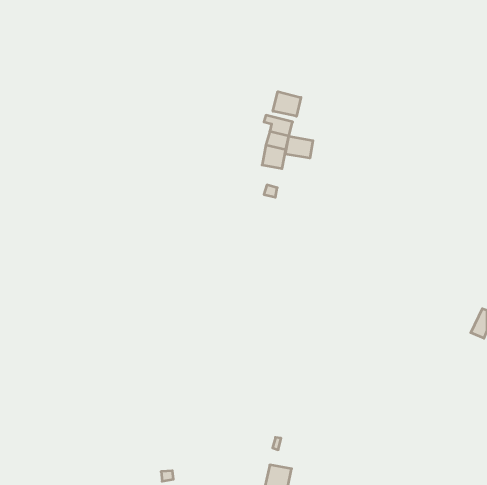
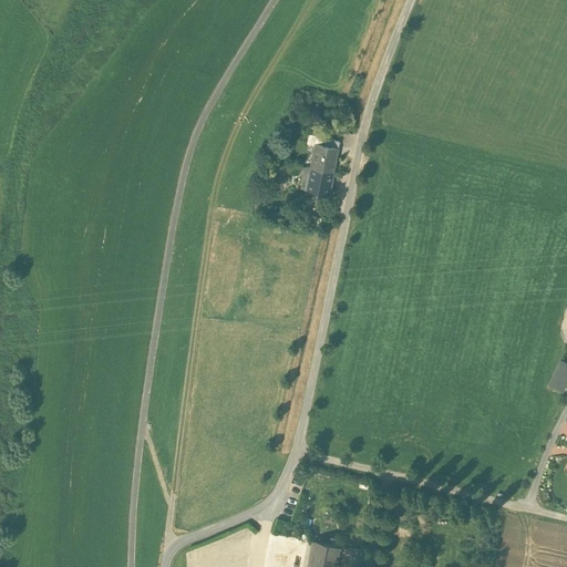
building: [273,92,301,116] -> none
building: [285,136,313,158] -> none

